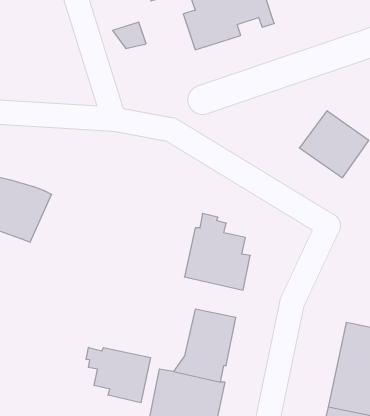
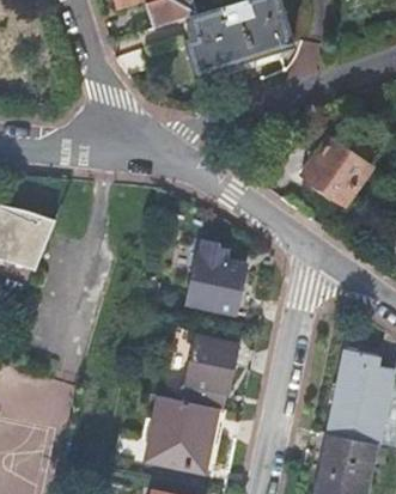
building: [86,347,150,403] -> none

